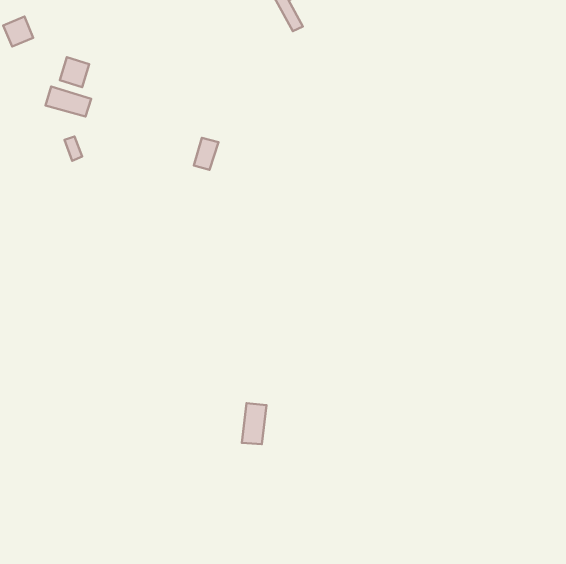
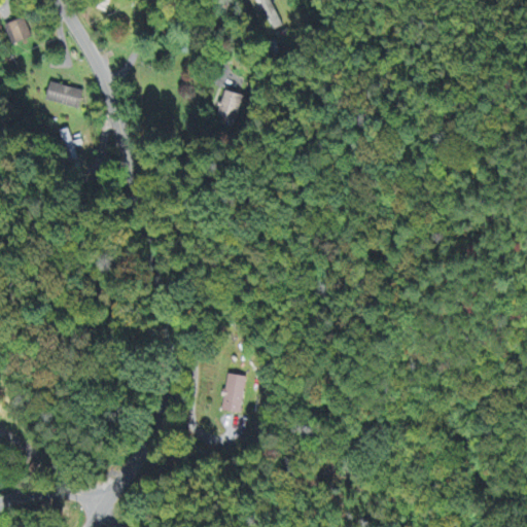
building: [60,57,89,87] -> none
building: [194,138,218,170] -> [217,90,240,119]

